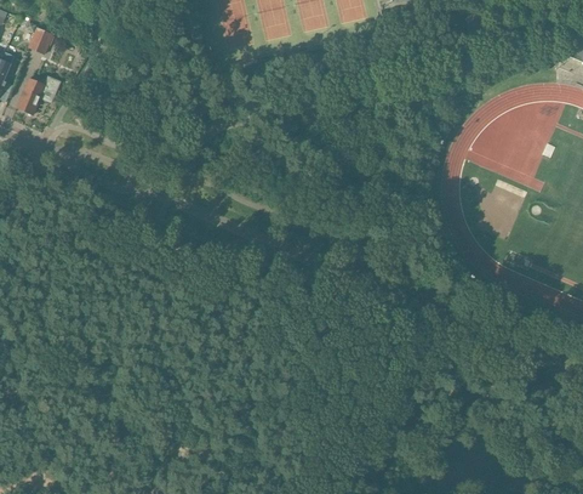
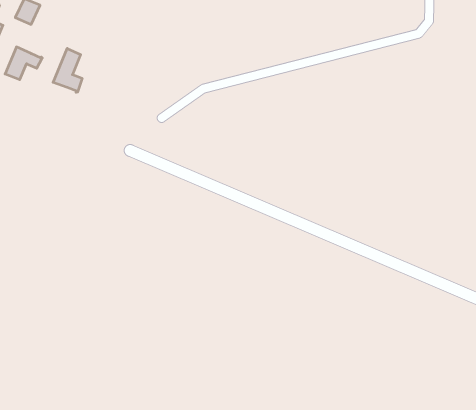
building: none -> [53,48,82,92]

